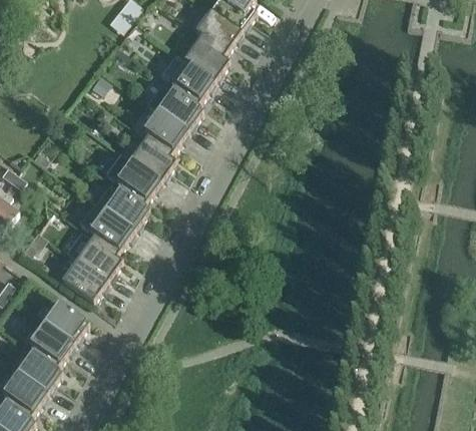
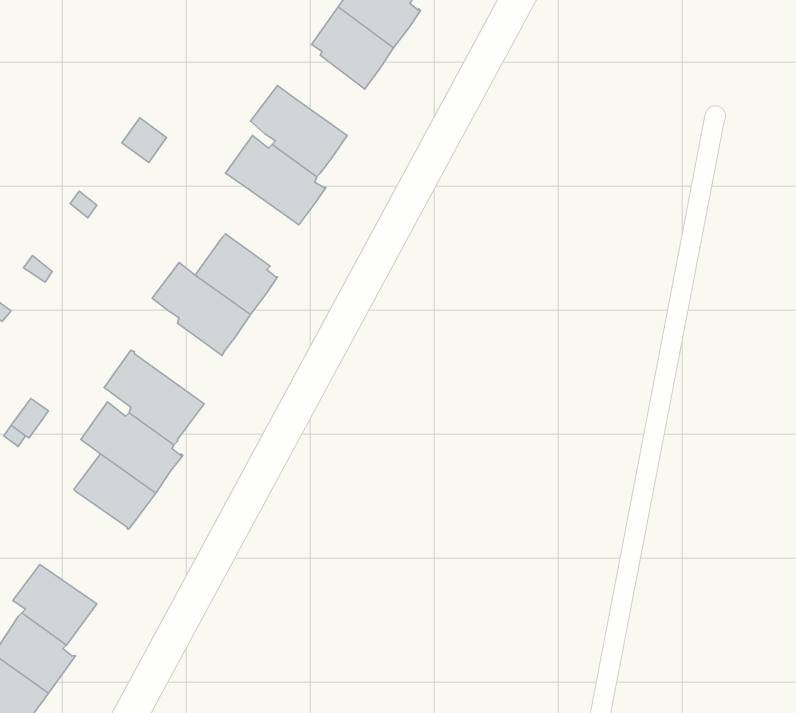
building: [182,37,228,82] -> none
building: [140,110,186,155] -> none
building: [94,184,148,233] -> none
building: [41,302,87,345] -> none

